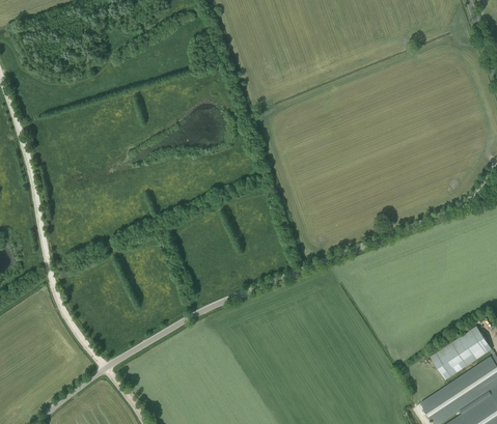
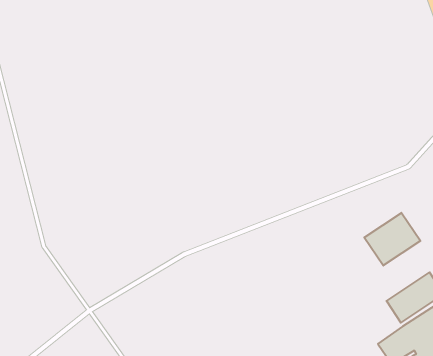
building: none -> [364,213,420,266]

